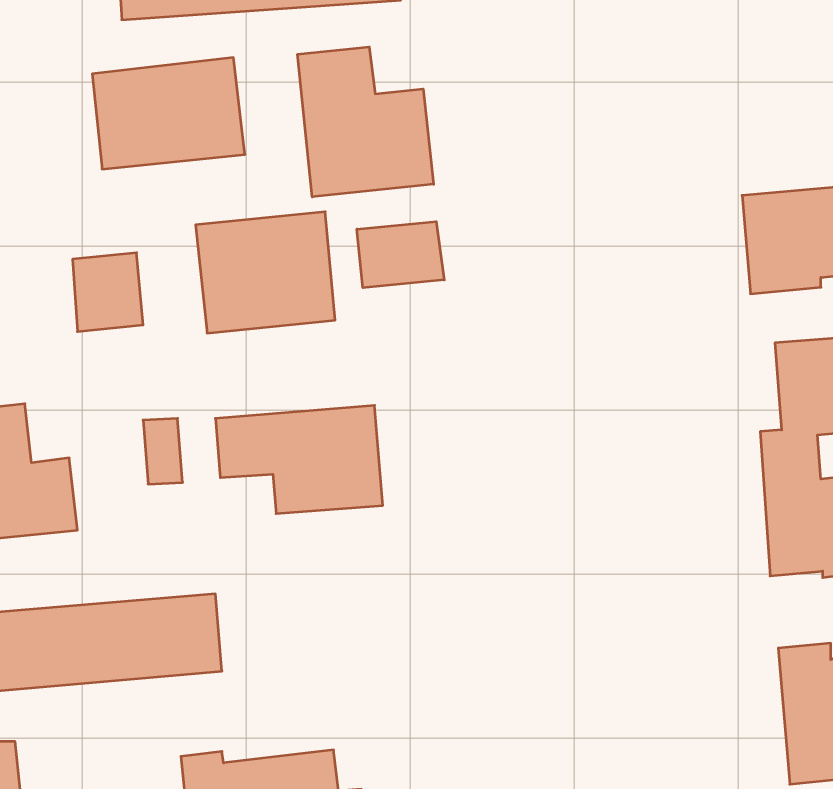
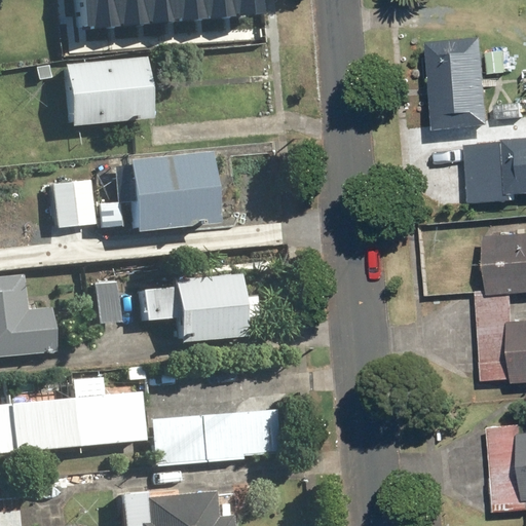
building: none -> [430,36,493,130]
building: [298,47,434,197] -> none
building: [357,222,444,288] -> none
building: none -> [148,409,287,465]

